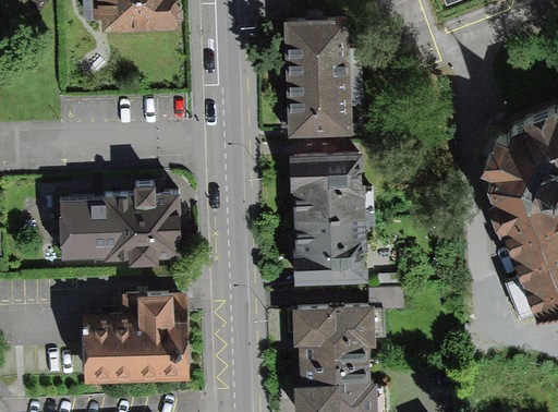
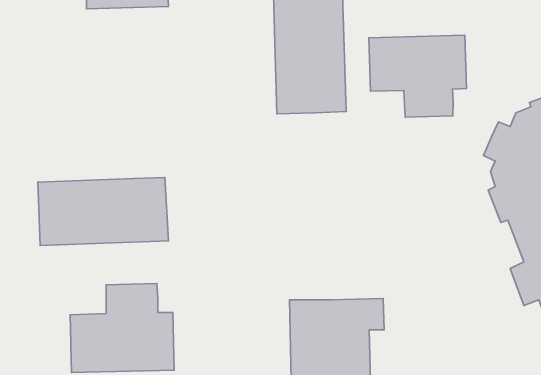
building: none -> [369,35,467,117]
building: [293,154,375,276] -> none

